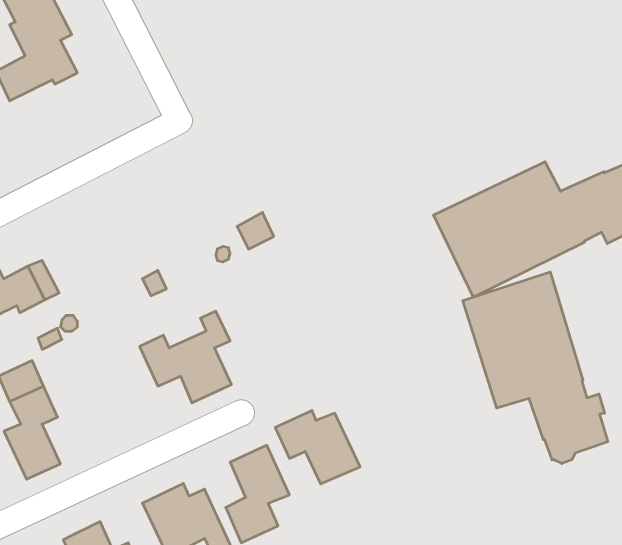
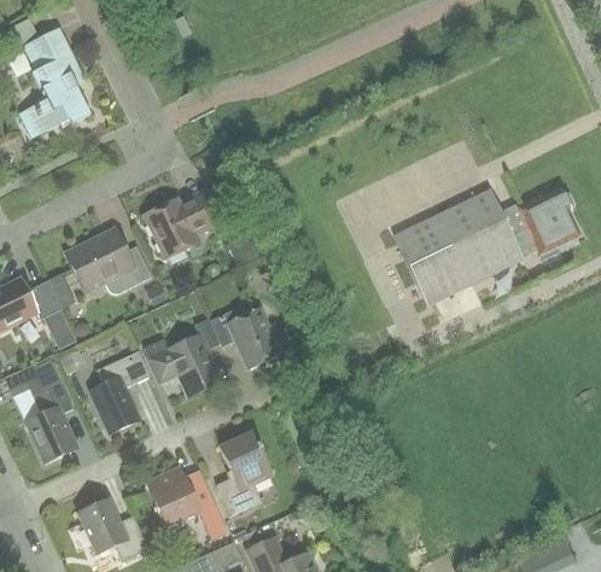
building: none -> [144,188,222,258]
building: none -> [68,230,151,293]
building: [463,272,608,464] -> none
building: none -> [92,350,150,431]
building: [275,410,360,484] -> [209,305,281,368]

